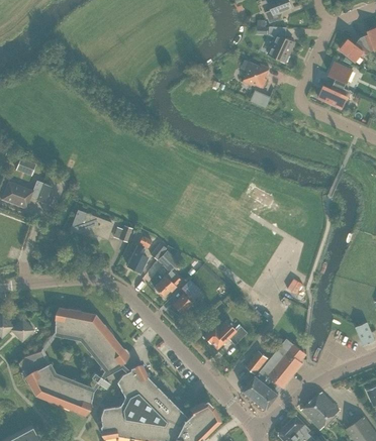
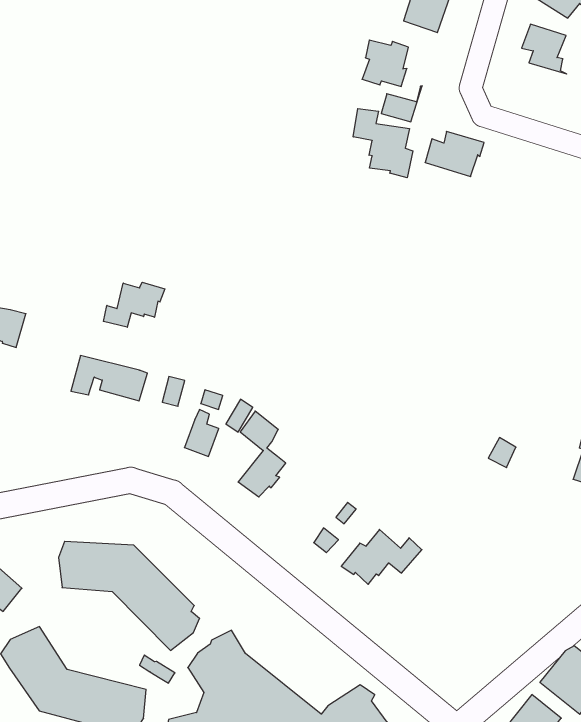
building: [318,83,351,108] -> [425,131,484,177]
building: none -> [353,109,413,178]
building: none -> [103,282,165,327]
building: [172,281,200,314] -> none
building: [244,339,306,409] -> none

